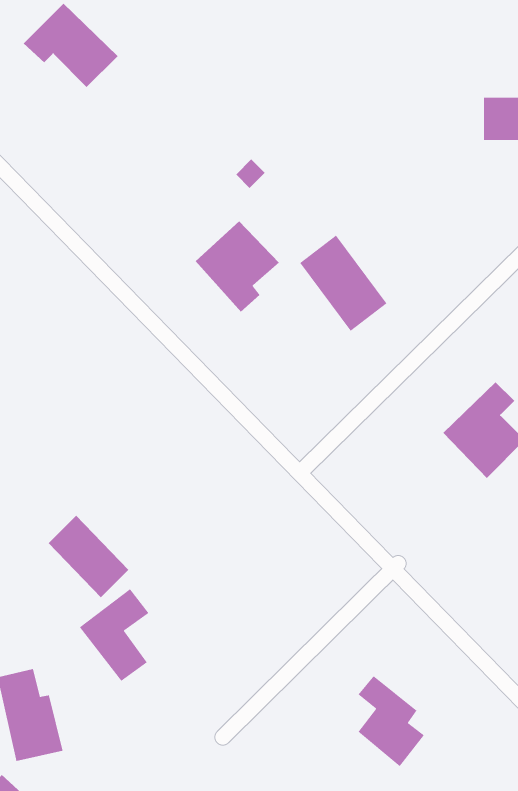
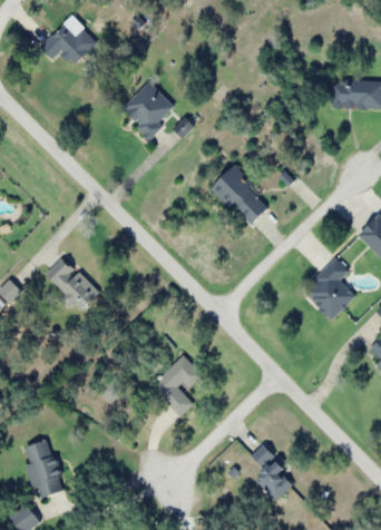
building: [195,221,280,312] -> [120,80,174,138]
building: [48,515,129,598] -> [43,255,95,307]
building: [79,588,149,682] -> [149,357,194,416]

